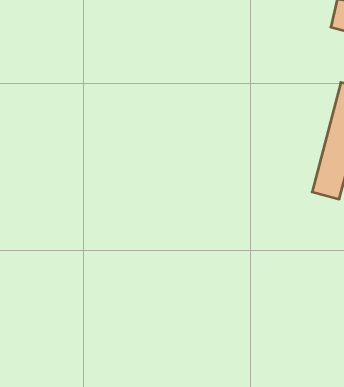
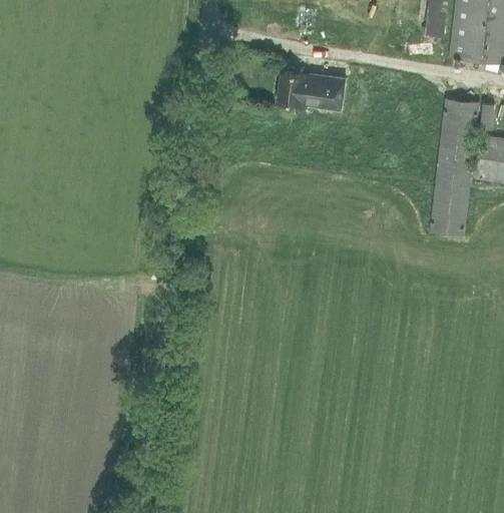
building: none -> [278,70,347,110]

